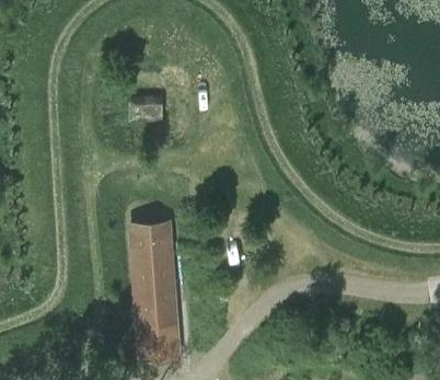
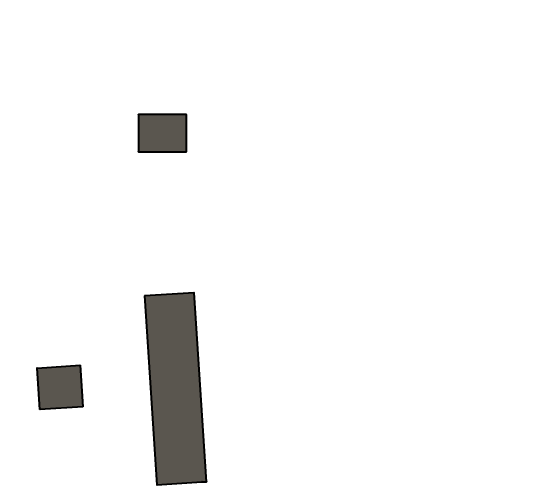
building: none -> [37,365,83,409]

